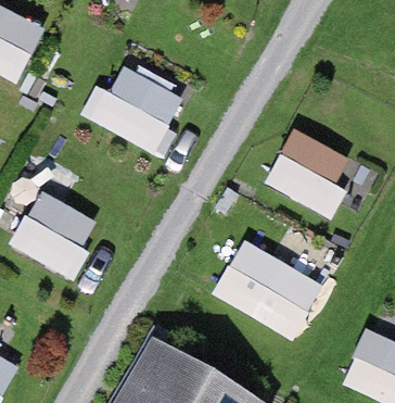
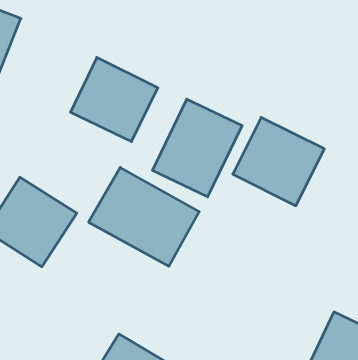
building: none -> [152,99,242,197]
building: [211,237,324,339] -> [89,167,199,266]

